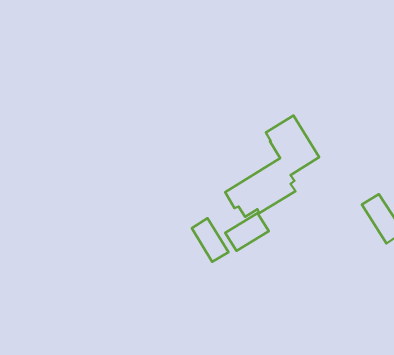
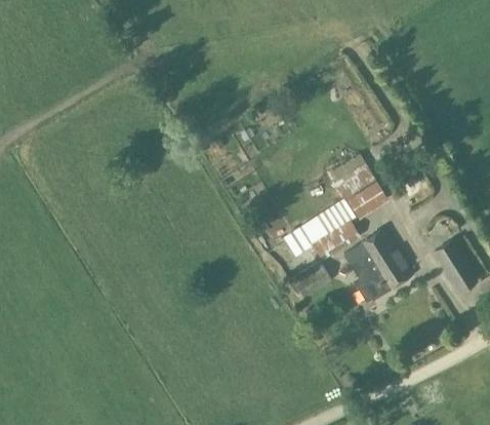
building: none -> [343,229,413,301]
building: [192,218,228,262] -> none

